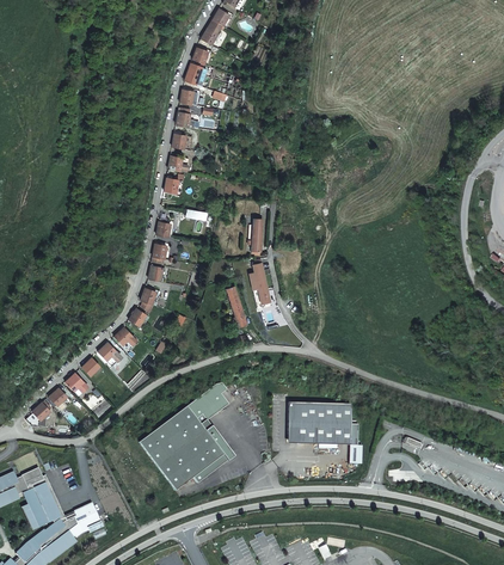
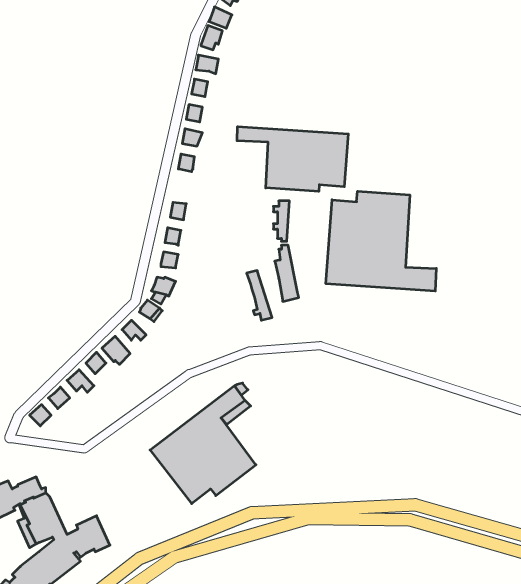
building: none -> [237,127,348,191]
building: none -> [326,191,436,291]
building: [287,404,358,446] -> none

